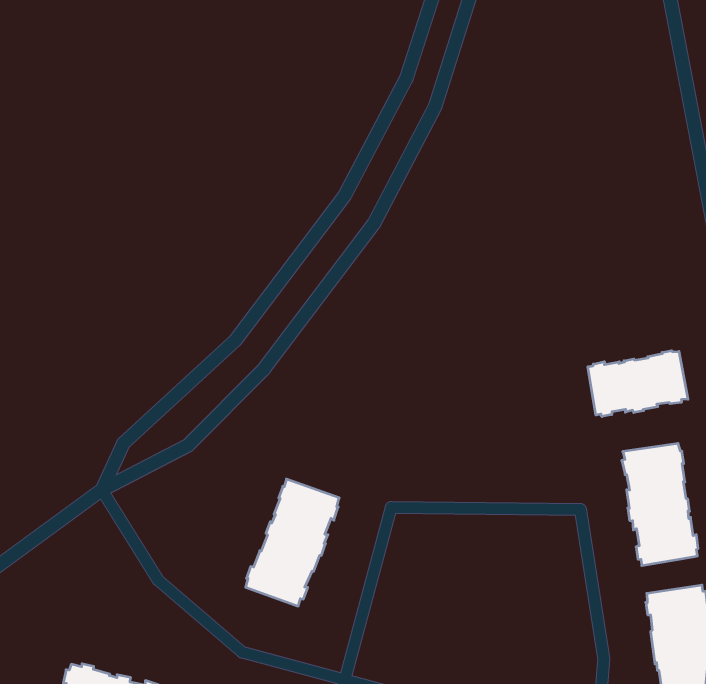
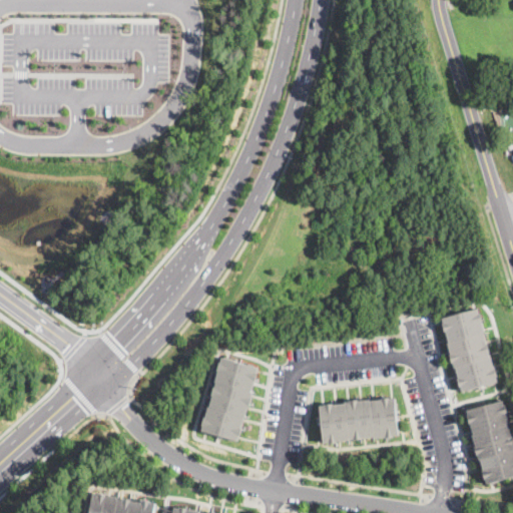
building: [588,351,688,417] -> none
building: none -> [319,398,398,444]

